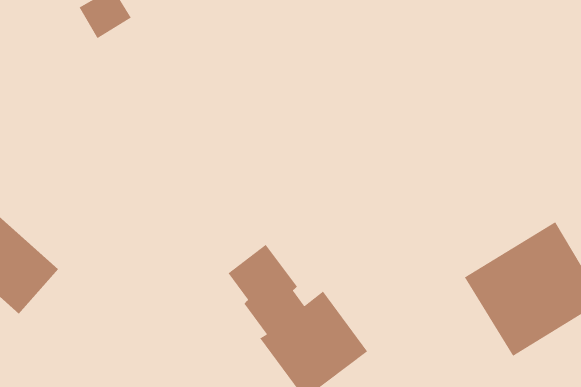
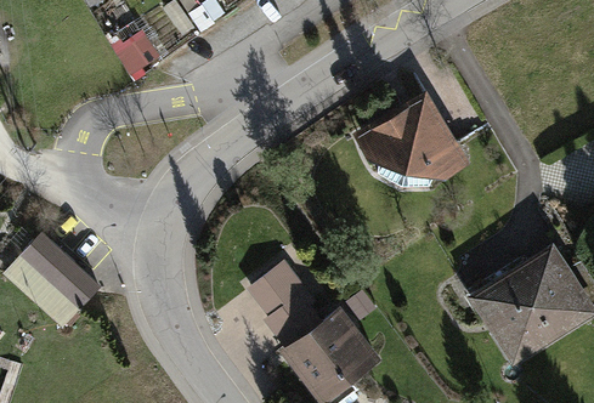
building: none -> [350,91,465,176]

